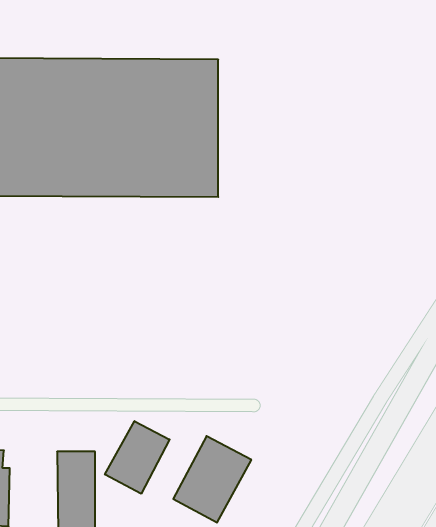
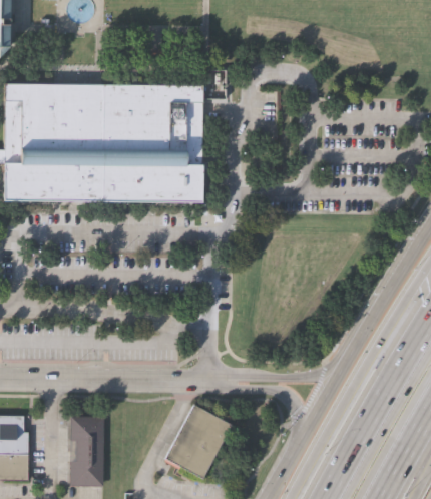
building: [105,421,170,494] -> none

